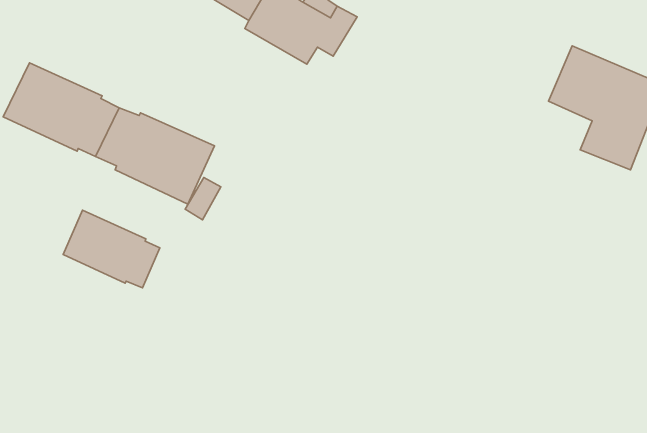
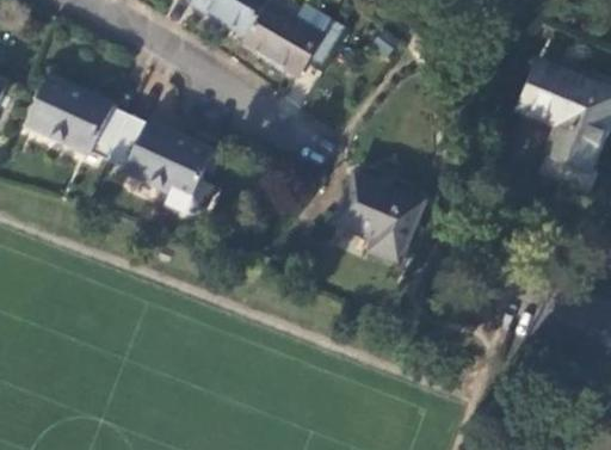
building: none -> [335,173,424,263]
building: [63,210,160,288] -> none

